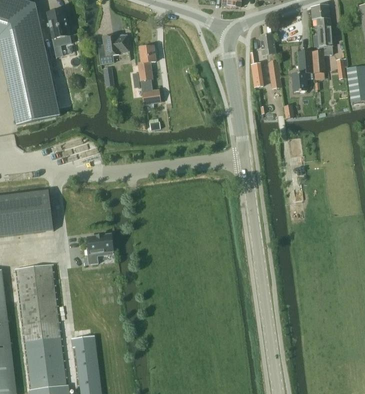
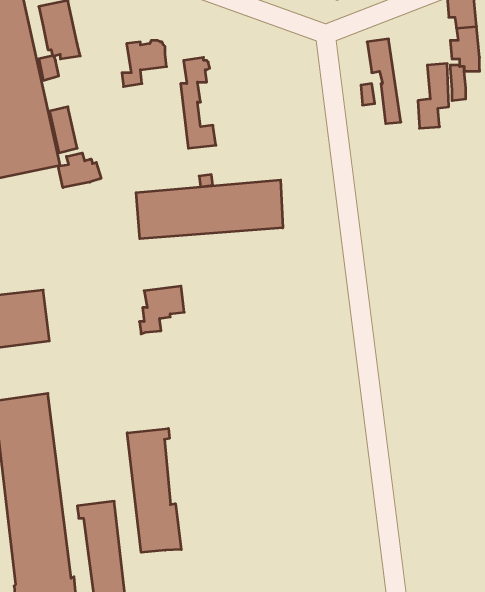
building: none -> [58,153,101,188]
building: none -> [136,180,283,239]
building: [84,233,113,264] -> [139,286,184,334]
building: none -> [127,428,181,552]

